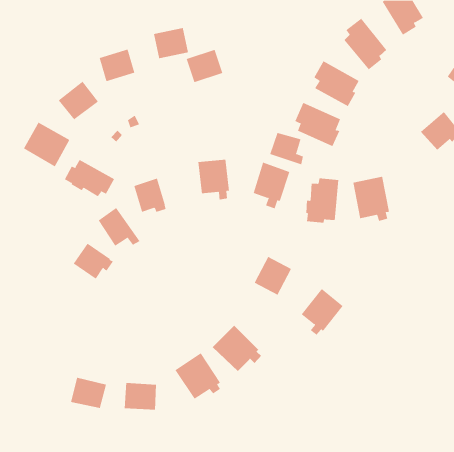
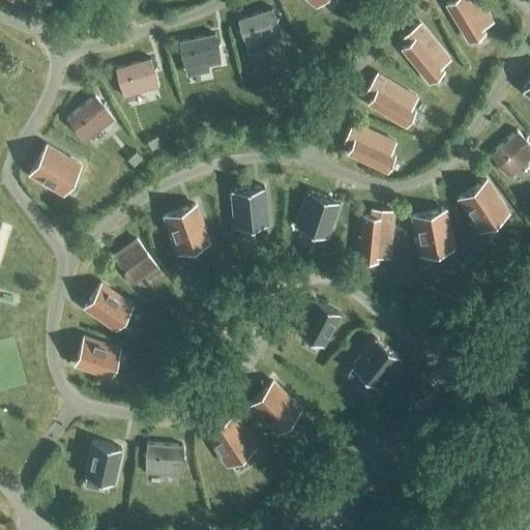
building: [186,49,223,83] -> [238,10,282,50]
building: [270,132,304,165] -> none
building: none -> [457,179,511,234]
building: [64,159,115,197] -> none
building: none -> [76,338,120,376]

